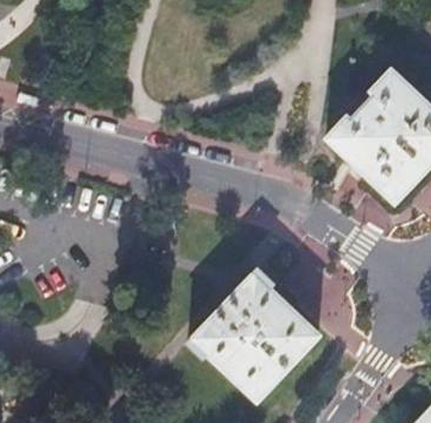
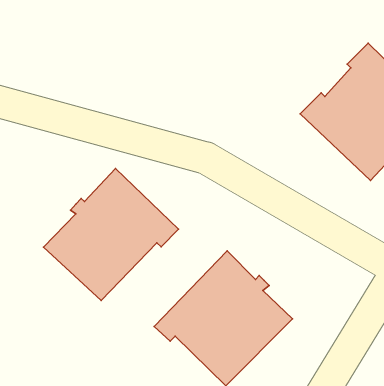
building: none -> [43,168,178,300]

